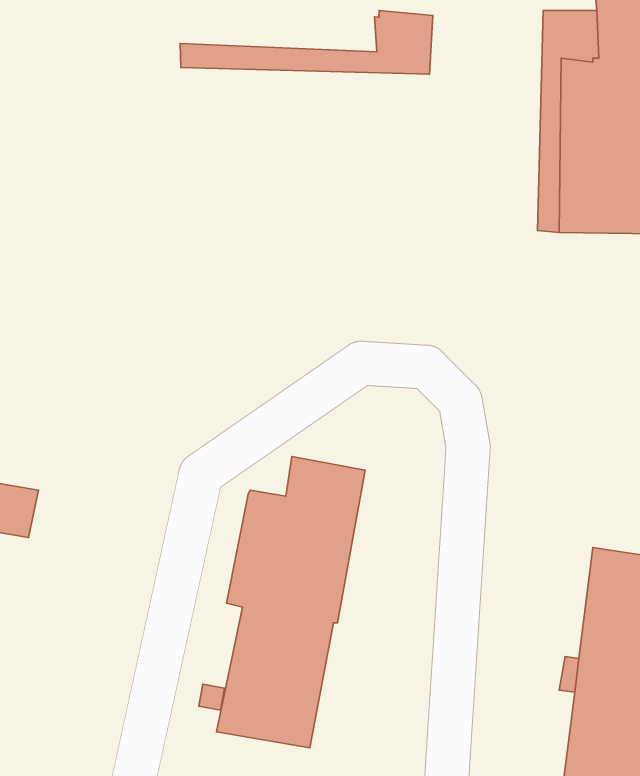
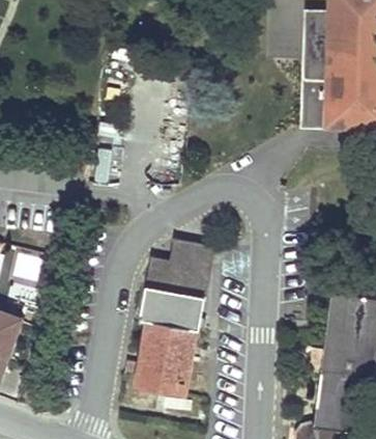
building: [180,10,433,74] -> none

